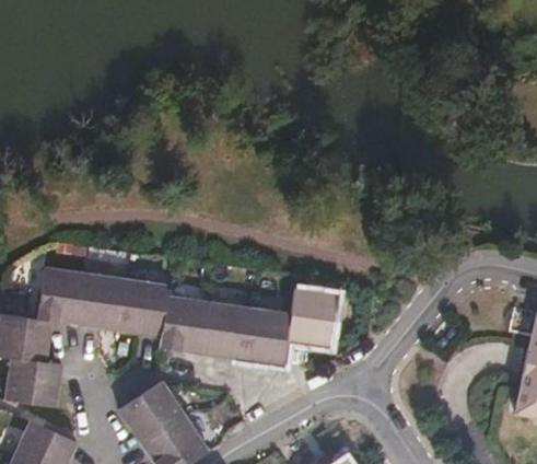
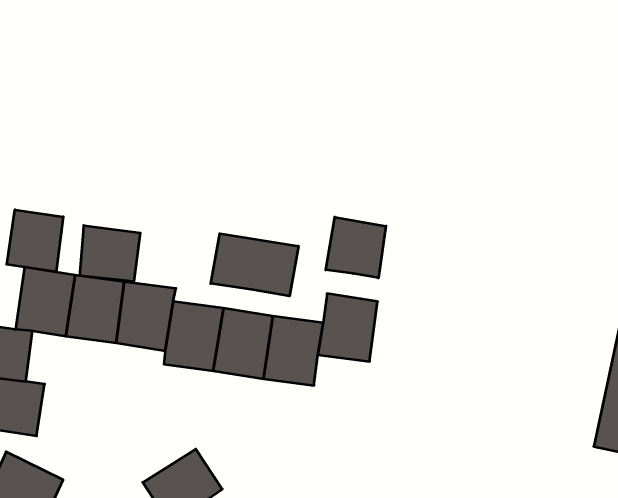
building: none -> [7,210,63,272]
building: none -> [326,217,386,278]
building: none -> [80,225,140,282]
building: none -> [211,234,298,296]
building: [118,380,186,444] -> none

